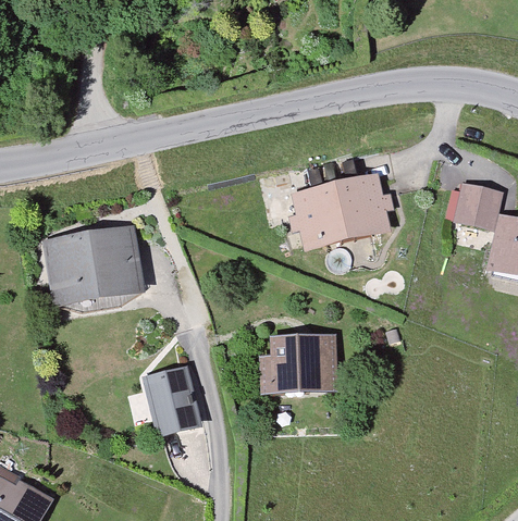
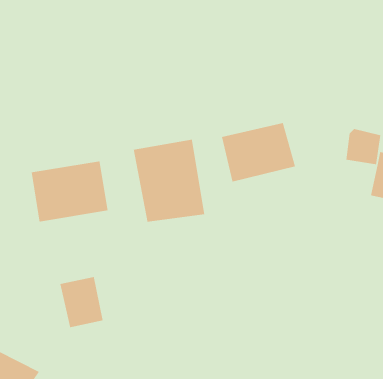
building: none -> [133,139,205,223]
building: [259,334,335,397] -> none
building: [139,351,197,419] -> [60,277,104,328]

